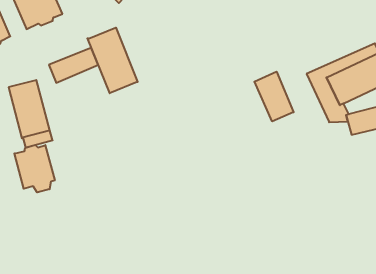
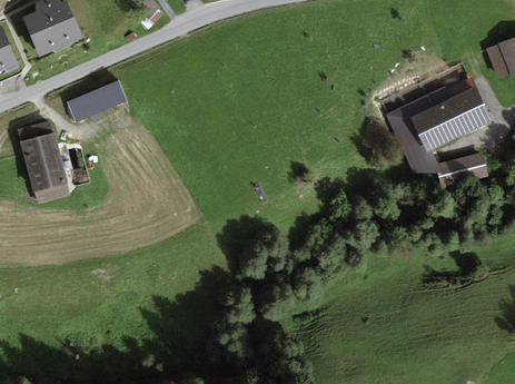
building: [87,28,138,93] -> none
building: [254,72,294,121] -> none
building: [14,145,55,192] -> none

